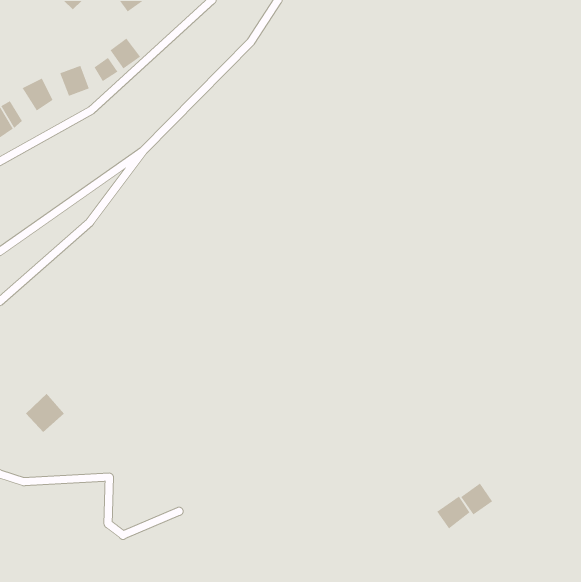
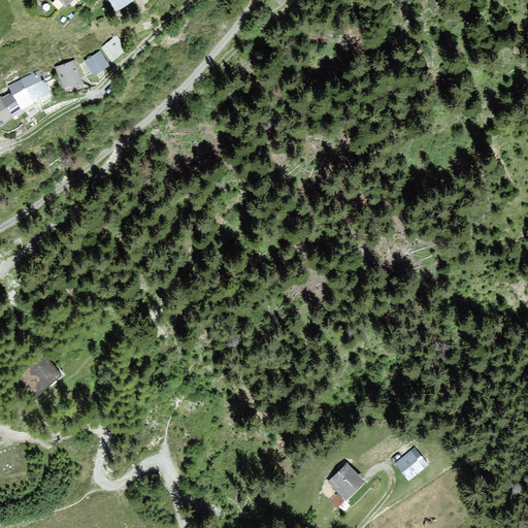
building: none -> [7,79,33,109]
building: [460,483,493,516] -> none
building: none -> [326,462,366,502]

